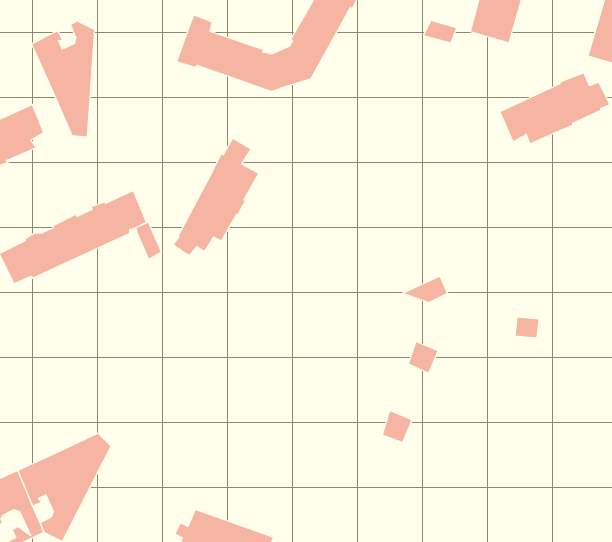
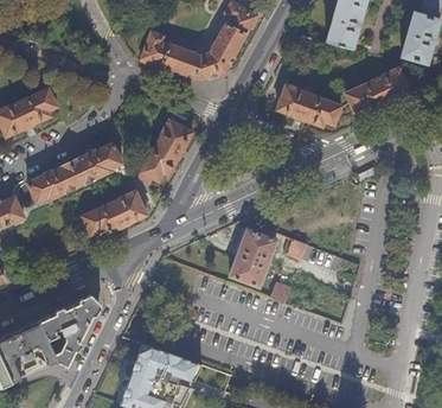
building: [32,21,95,137] -> none
building: none -> [276,85,340,128]
building: none -> [82,191,148,236]
building: none -> [230,230,276,287]

